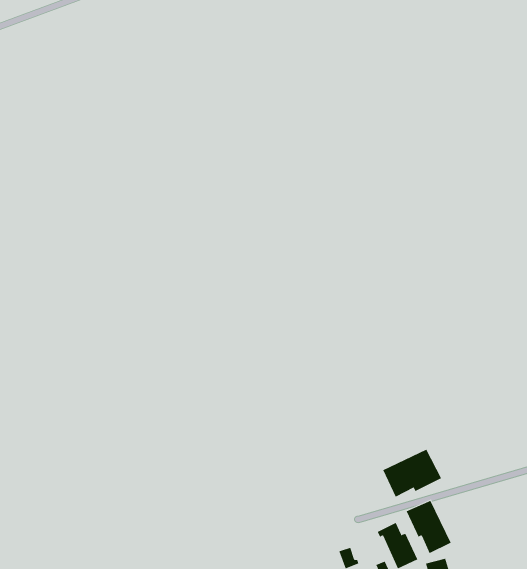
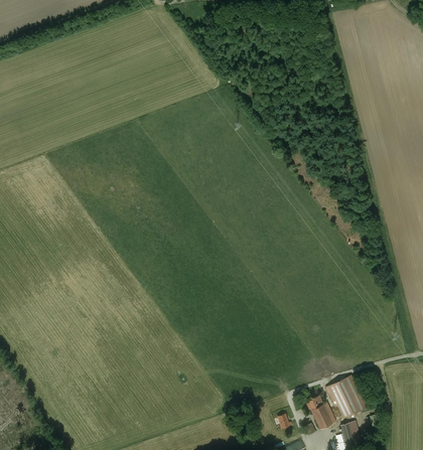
building: [382,449,442,498] -> none

